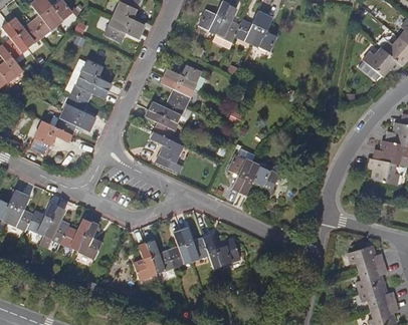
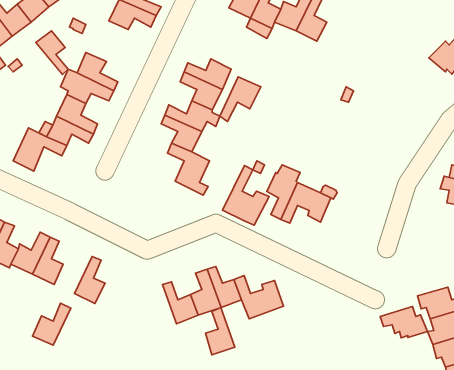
building: none -> [36,31,68,75]
building: none -> [220,77,261,121]
building: none -> [222,165,269,225]
building: [61,217,91,250] -> [33,303,71,345]
building: [135,243,158,280] -> [205,308,235,355]
building: none -> [380,306,428,338]

